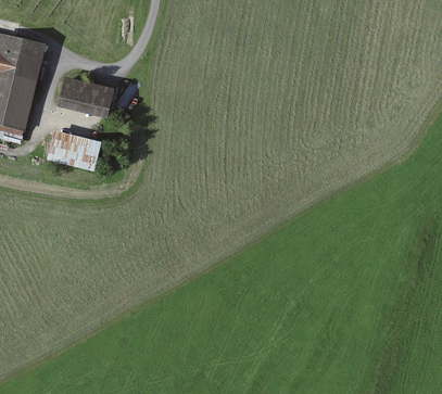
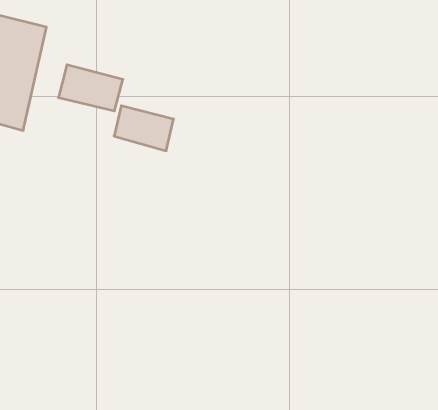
building: [46,130,99,170] -> [114,106,174,151]

